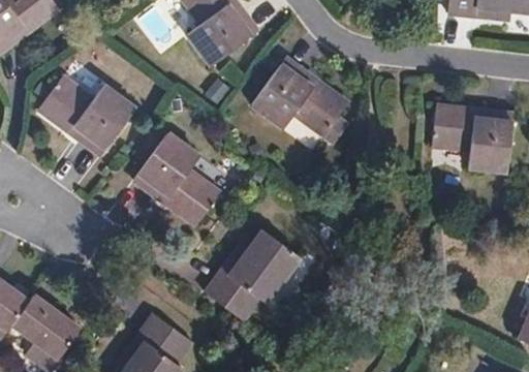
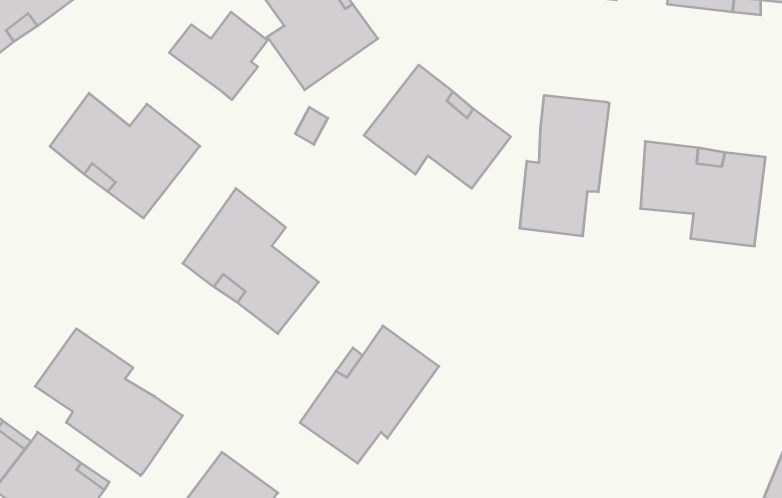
building: none -> [169,12,268,100]
building: none -> [520,95,609,236]
building: none -> [35,329,183,476]

